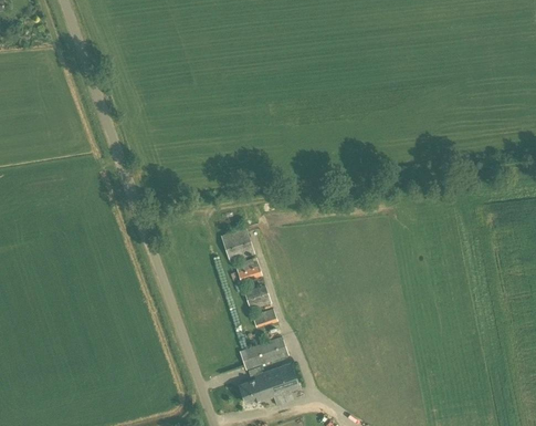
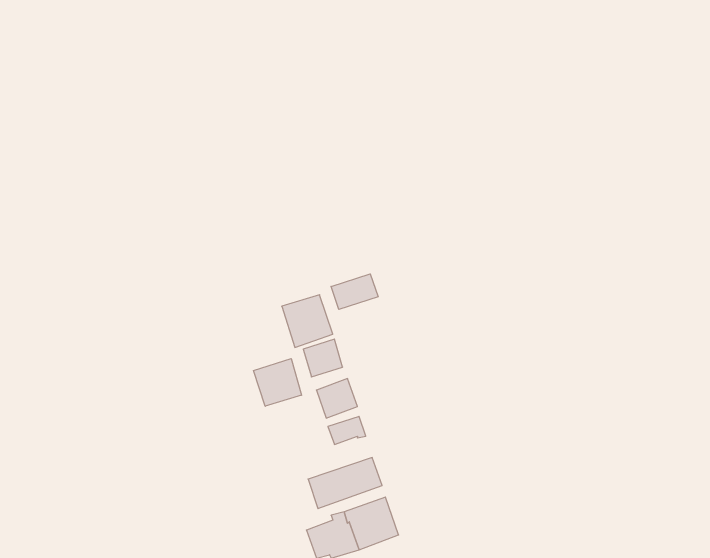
building: none -> [331,274,378,309]
building: none -> [253,359,302,406]

